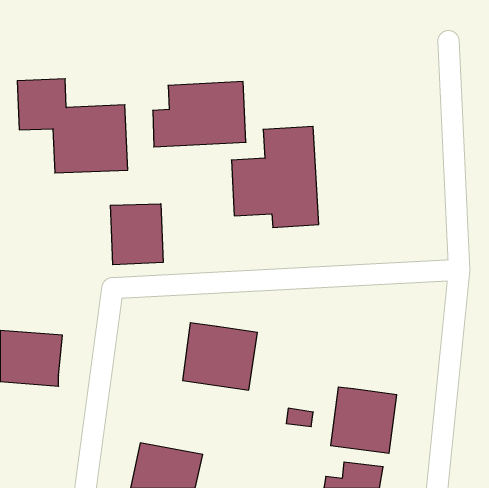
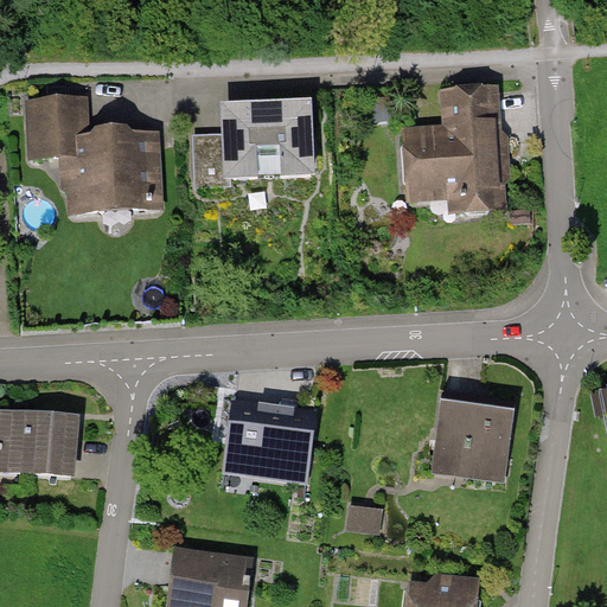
building: [231,126,319,227] -> [397,90,505,215]
building: [110,204,163,265] -> none
building: [331,387,397,453] -> [435,397,517,479]

